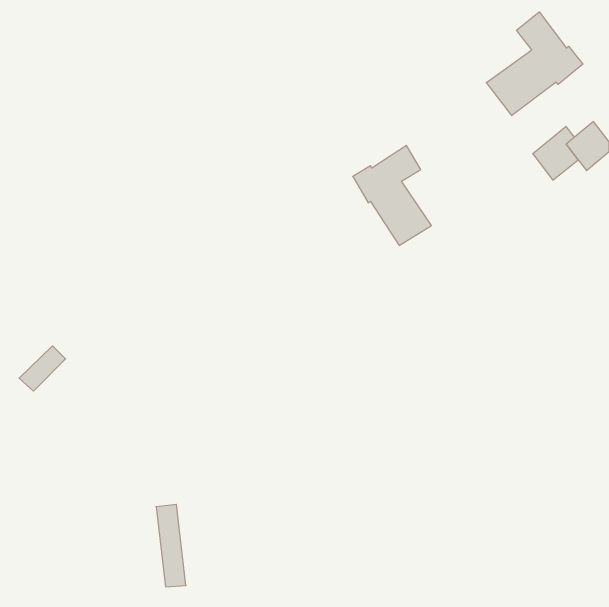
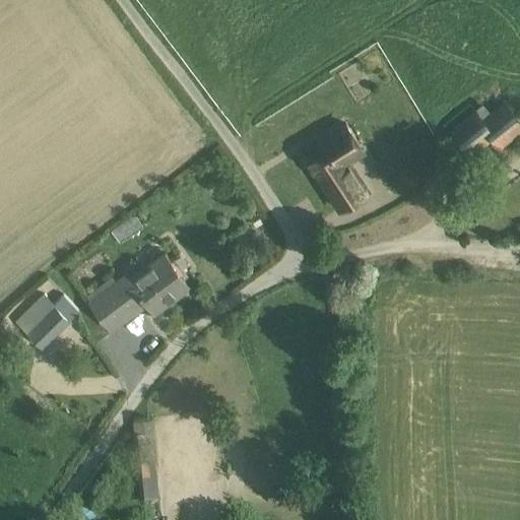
building: [486,12,583,116] -> none
building: none -> [90,254,188,330]
building: none -> [28,308,68,348]

